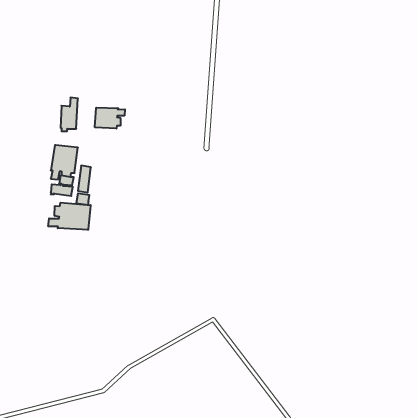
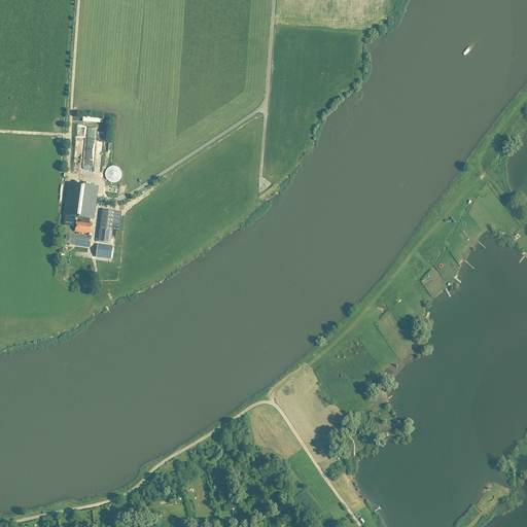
building: [95,108,125,129] -> none
building: [48,203,91,230] -> none

